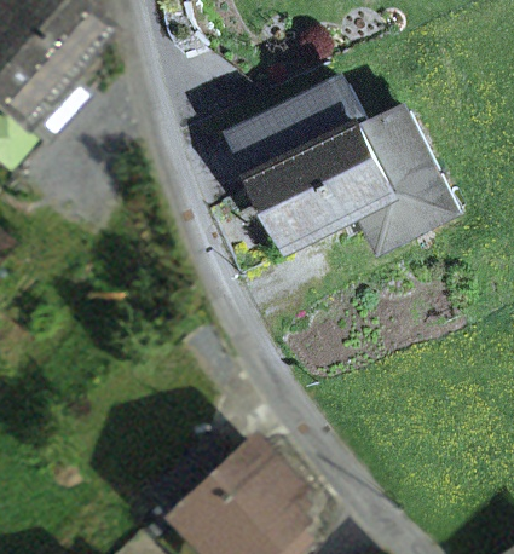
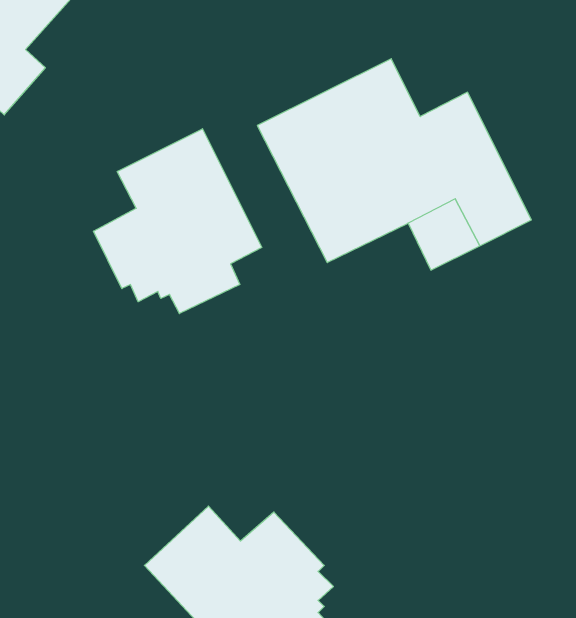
building: none -> [94,129,262,314]

